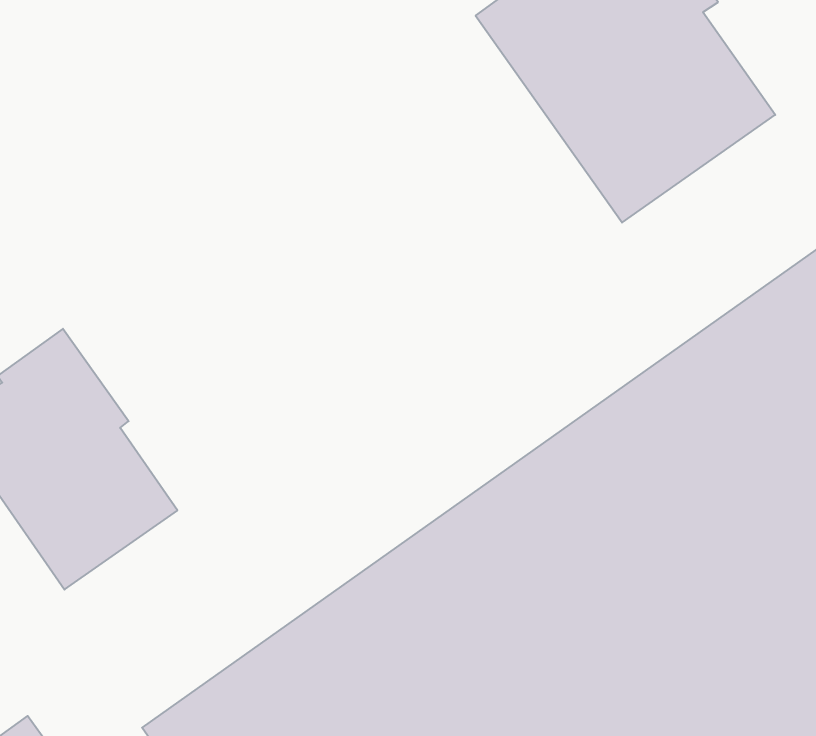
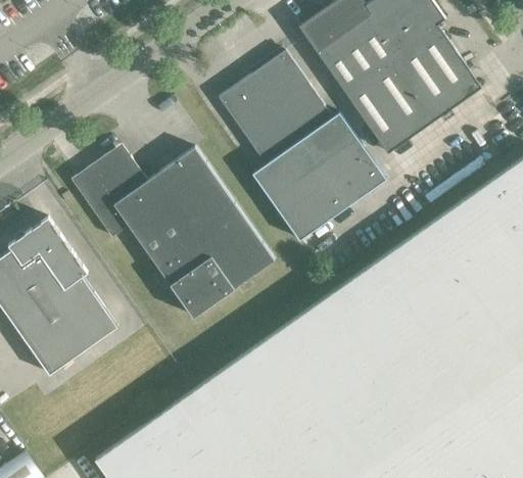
building: none -> [219,51,386,241]
building: none -> [72,145,274,318]

